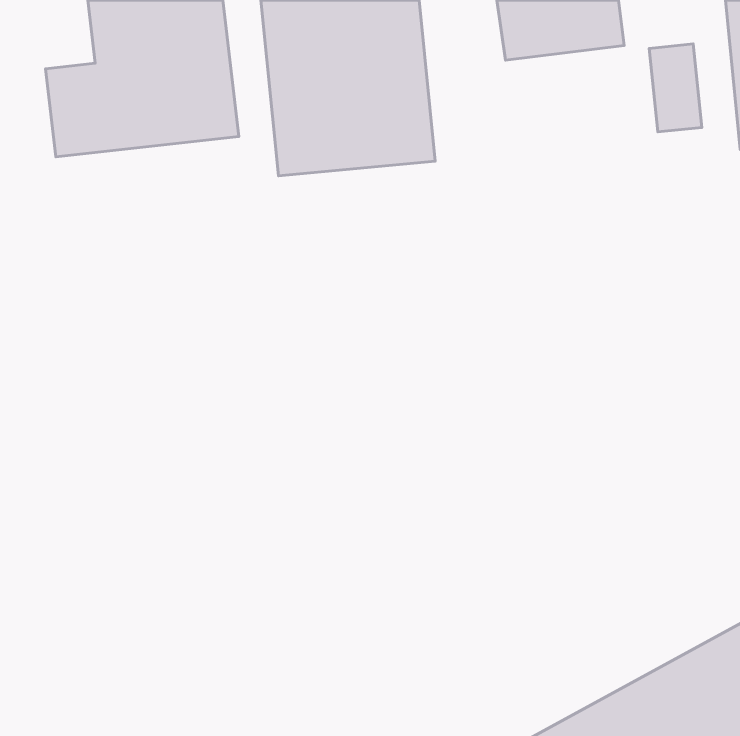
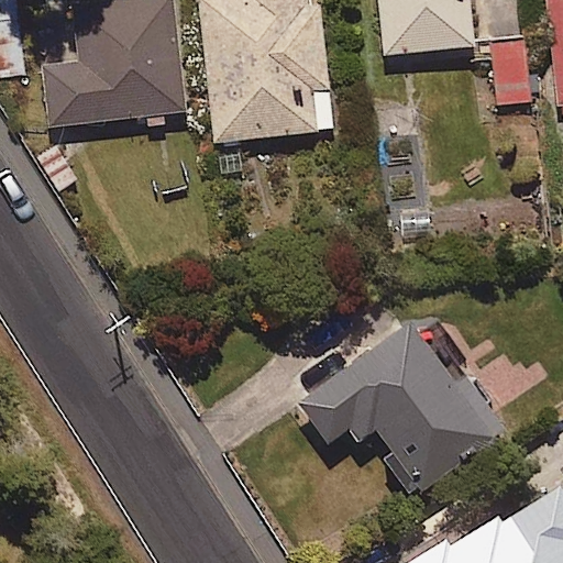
building: none -> [298,310,504,490]

